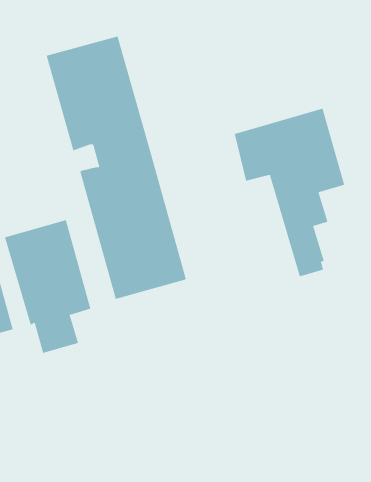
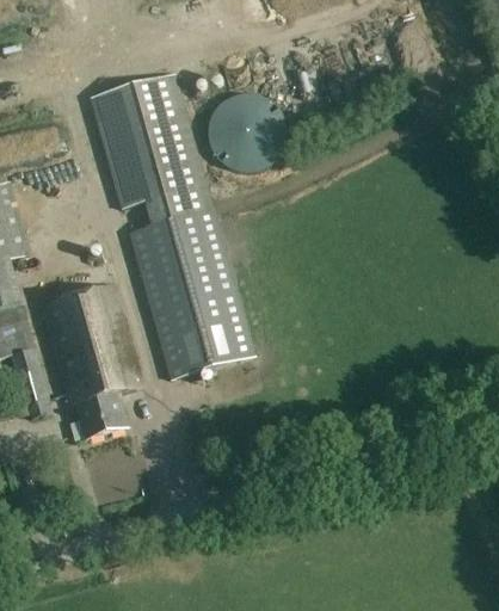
building: none -> [208,92,287,171]
building: [234,108,345,277] -> none

